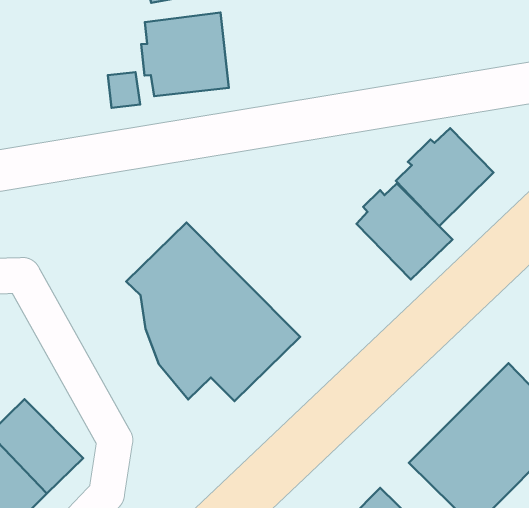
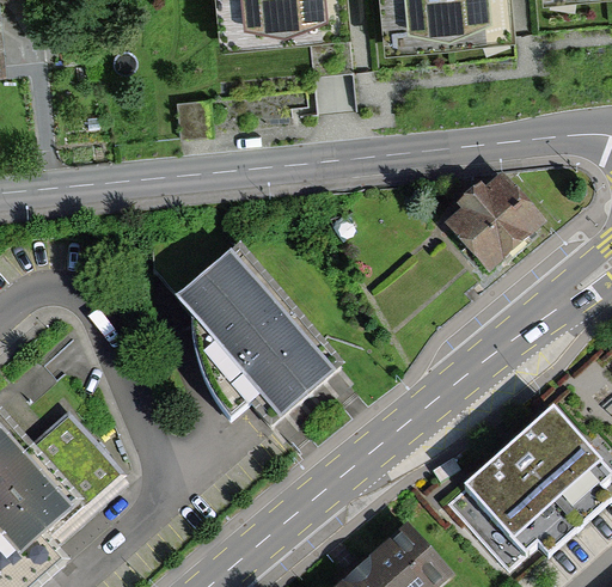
building: [141,13,229,96] -> none
building: [357,183,452,280] -> none

